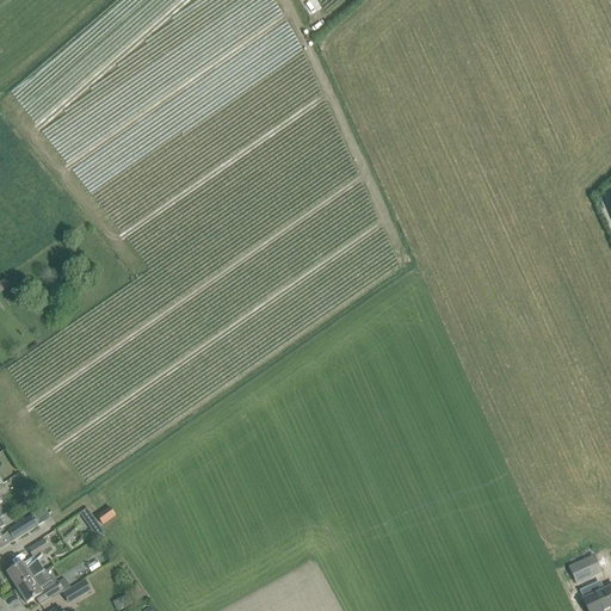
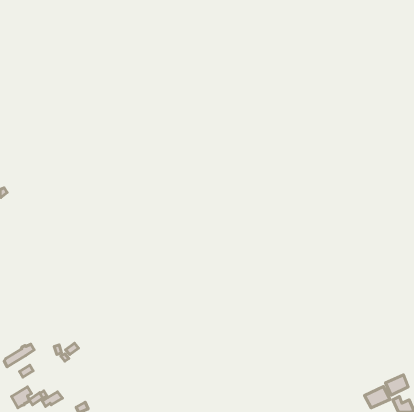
building: [7,557,44,585] -> none
building: none -> [365,386,390,408]

